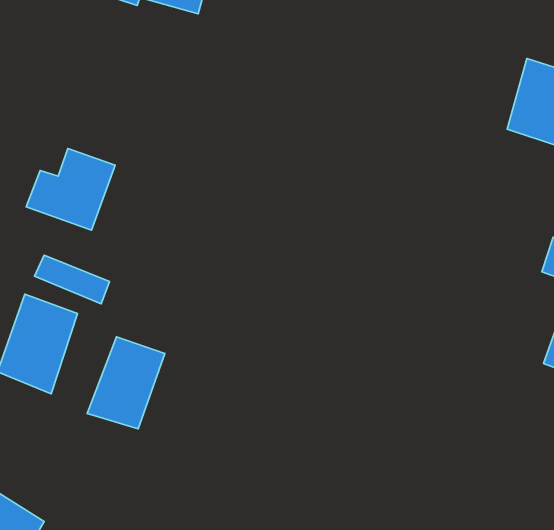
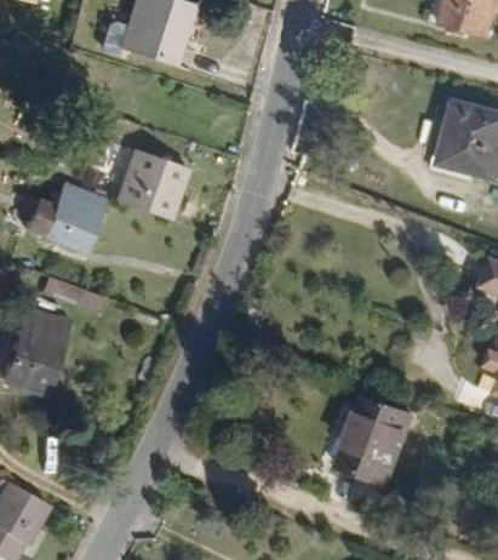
building: none -> [120,150,188,219]
building: [87,337,165,429] -> none
building: none -> [336,402,406,480]

